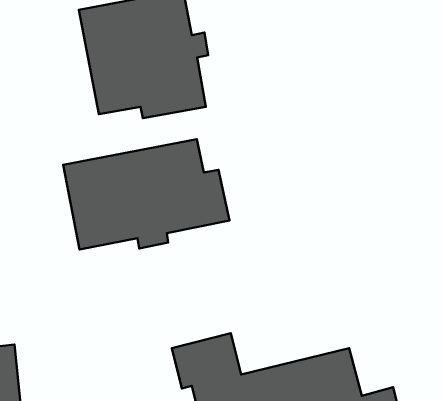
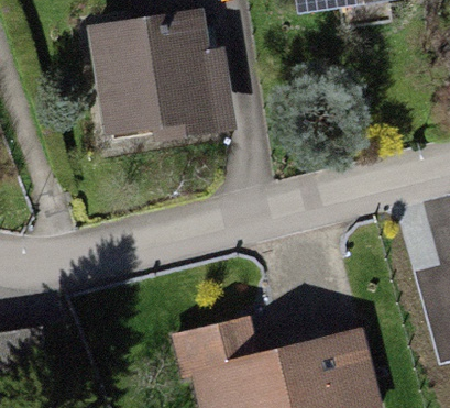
building: [63,139,229,249] -> none

